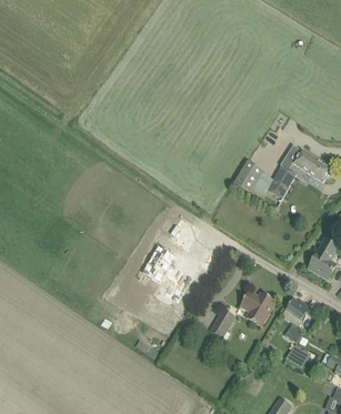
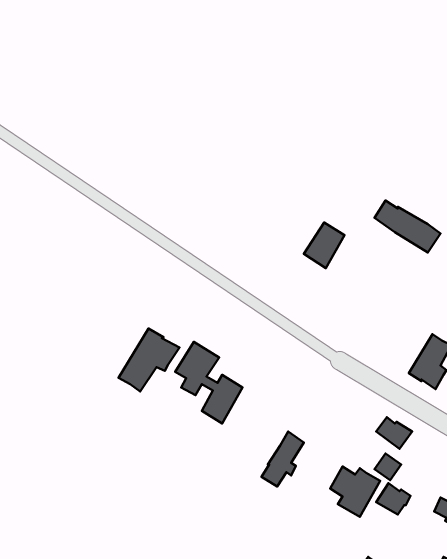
building: [268,163,295,196] -> none
building: none -> [118,328,179,391]
building: [240,290,275,325] -> [330,467,380,517]

